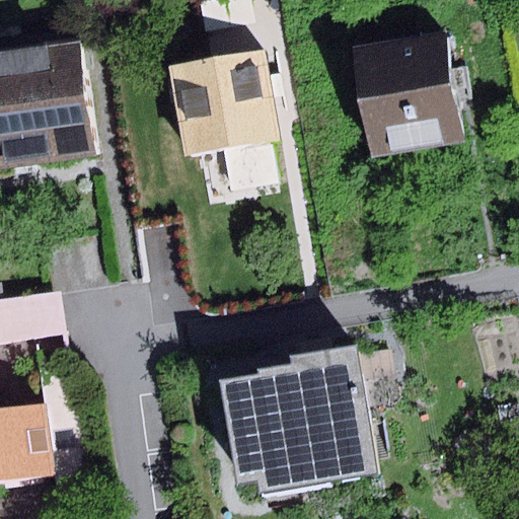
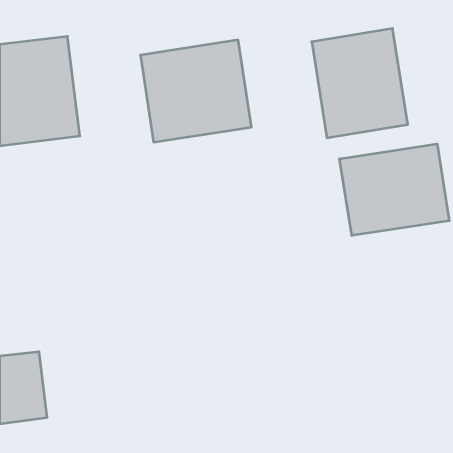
building: none -> [340,144,449,236]
building: [218,345,376,494] -> none

